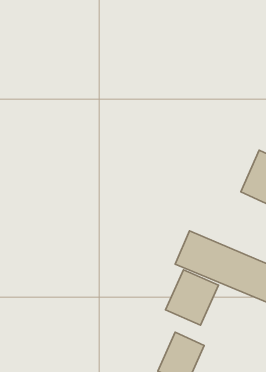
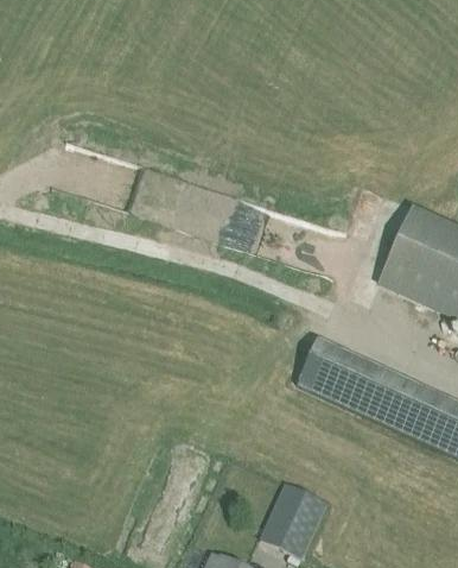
building: [166,270,219,325] -> none

